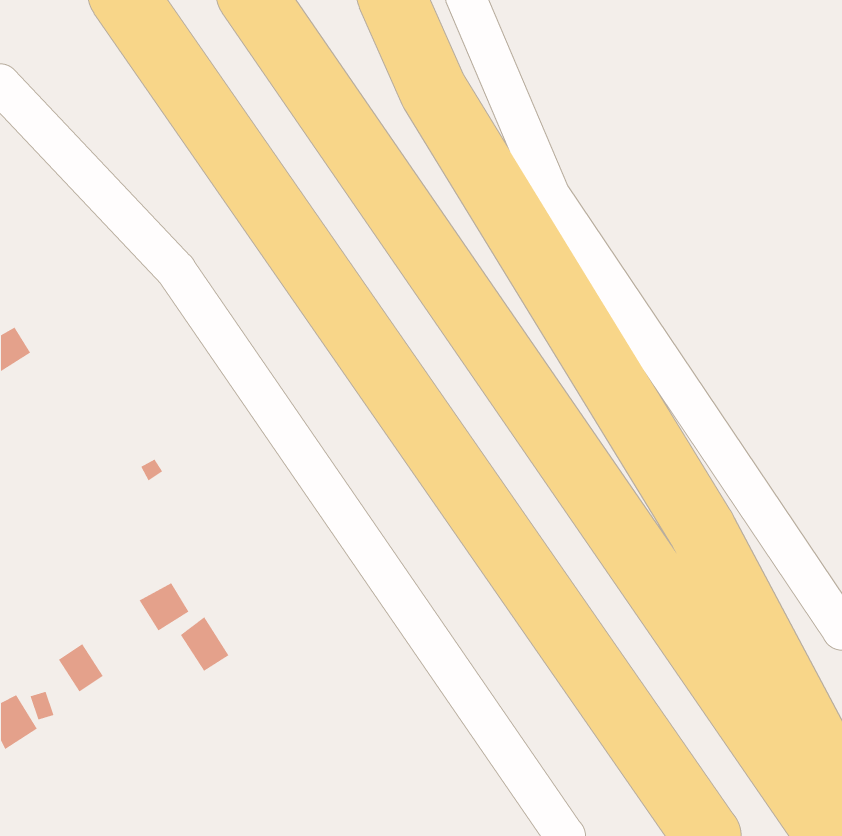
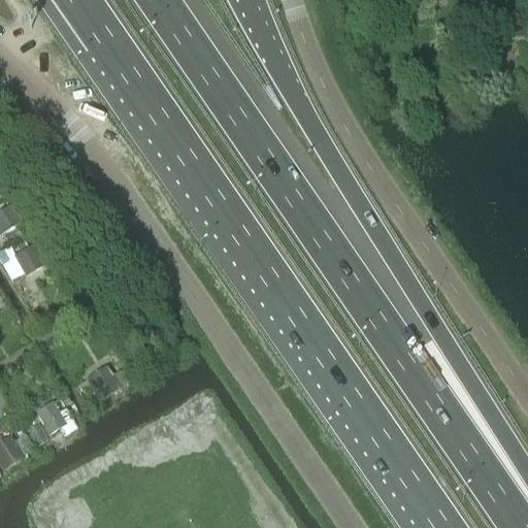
building: none -> [14,243,45,275]
building: [180,616,230,672] -> none

